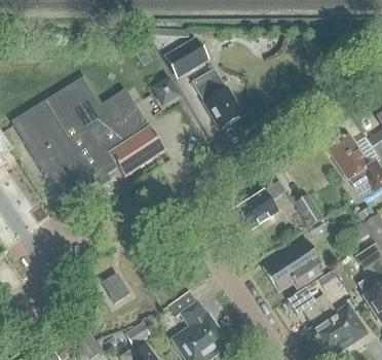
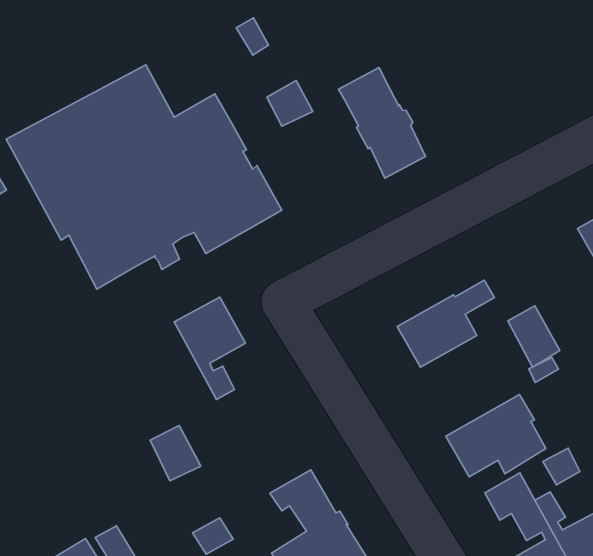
building: [163,36,209,78] -> none
building: none -> [174,297,246,400]

